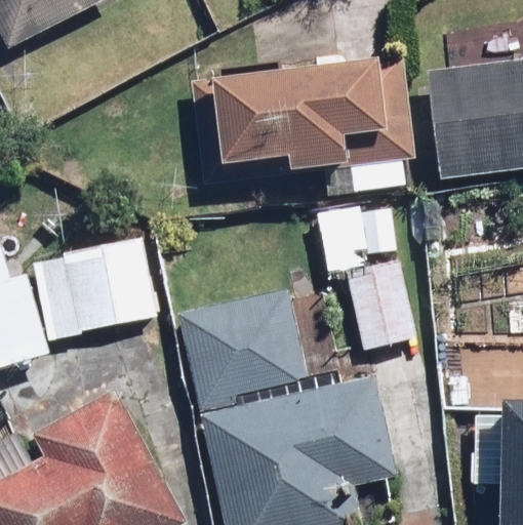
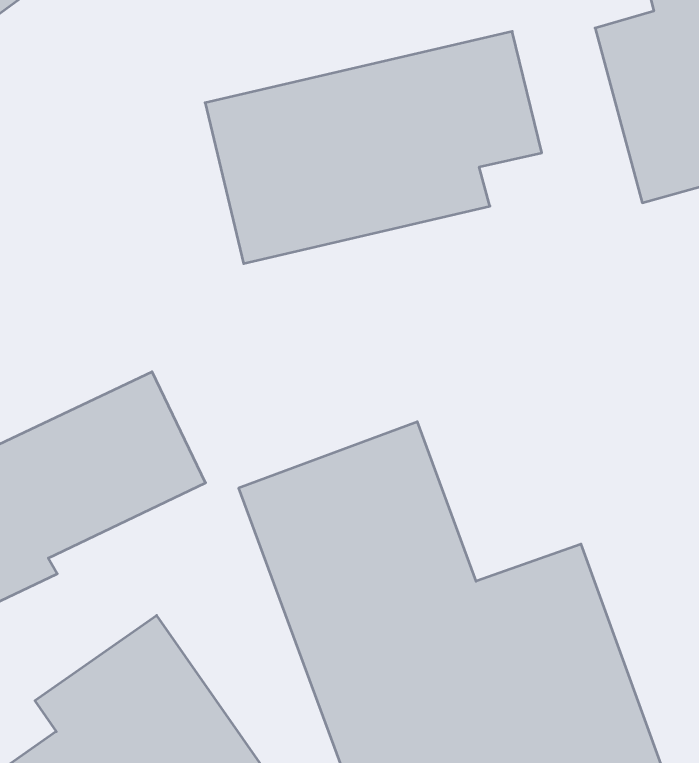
building: [315,204,417,351] -> none

